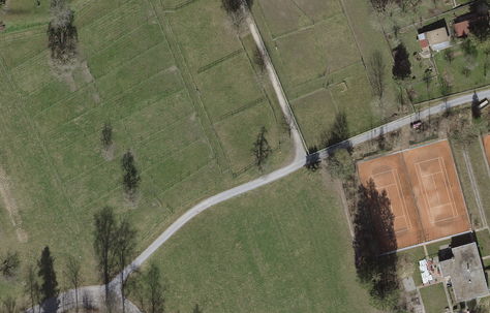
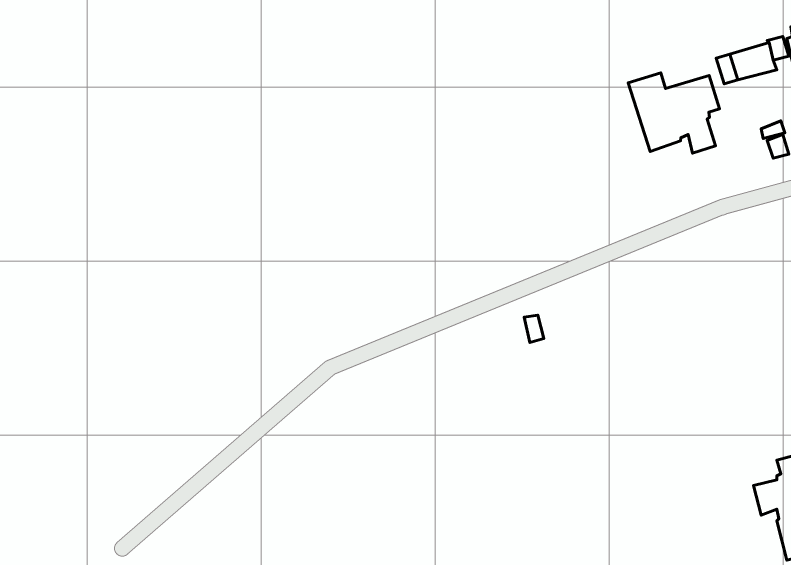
building: none -> [628,73,720,153]

